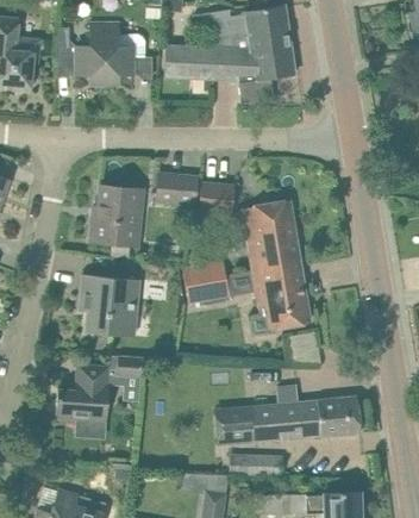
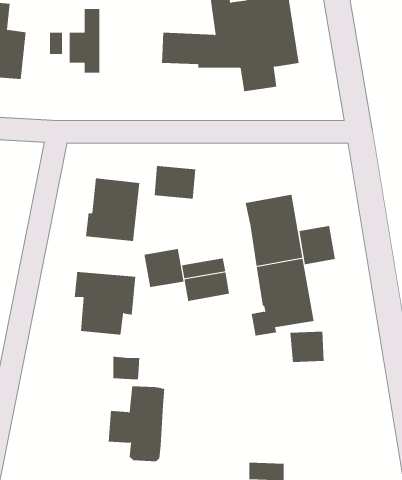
building: [105,23,145,85] -> none
building: [199,181,233,214] -> none
building: none -> [299,225,335,265]
building: none -> [144,248,184,288]
building: [55,364,110,437] -> [108,386,165,462]
building: [231,385,359,441] -> none

